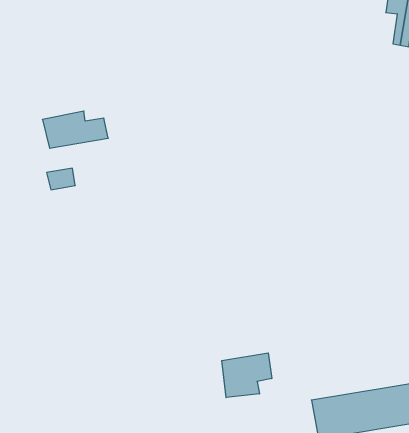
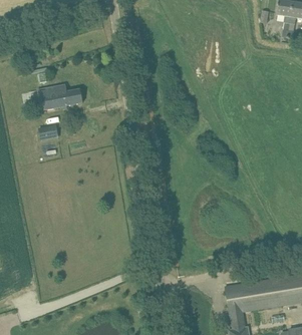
building: [222,353,272,398] -> none

